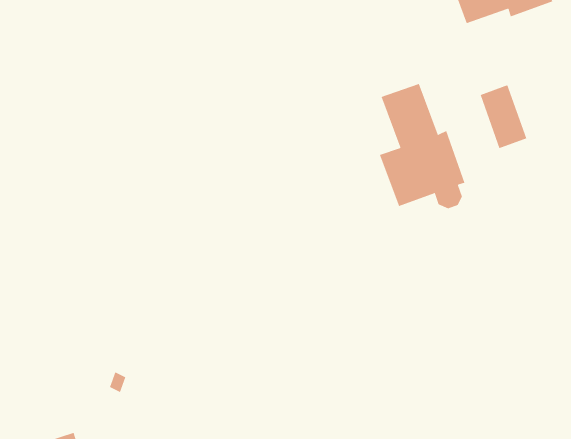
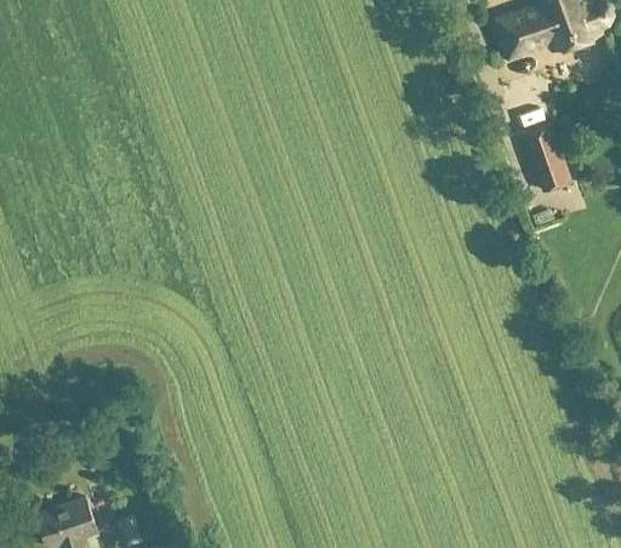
building: [379,83,465,209] -> none

